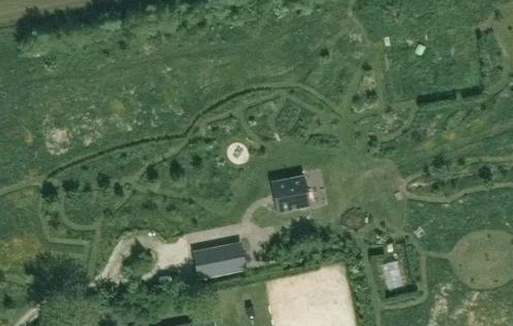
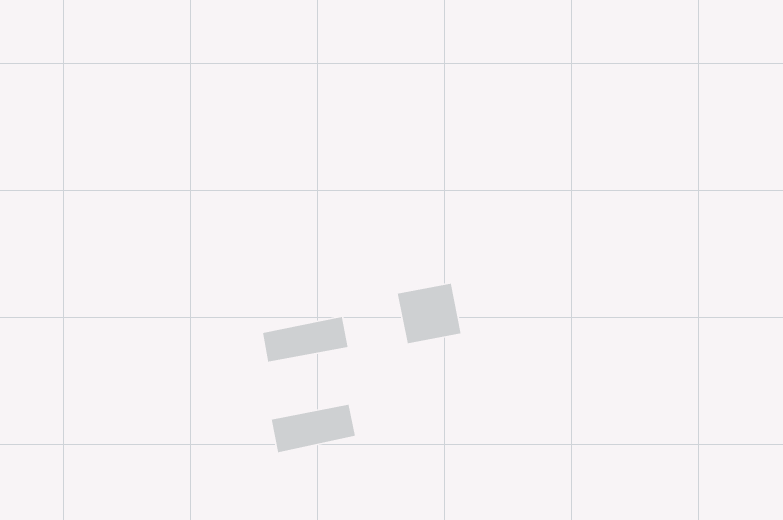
building: none -> [262,316,349,362]

